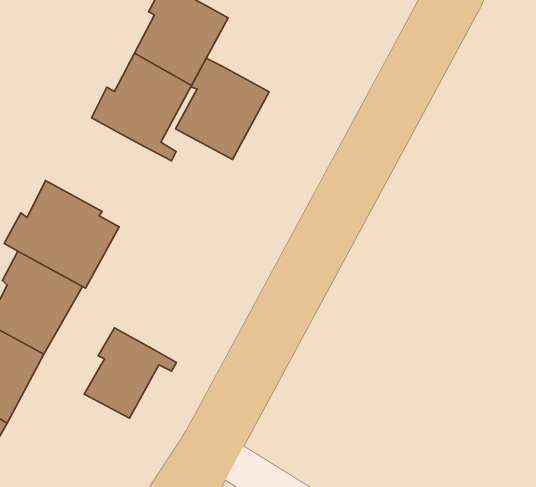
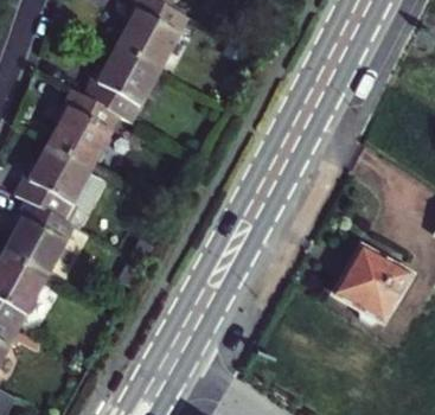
building: [176,58,269,159] -> [49,88,121,166]
building: none -> [333,244,410,323]
building: [84,328,176,418] -> none

